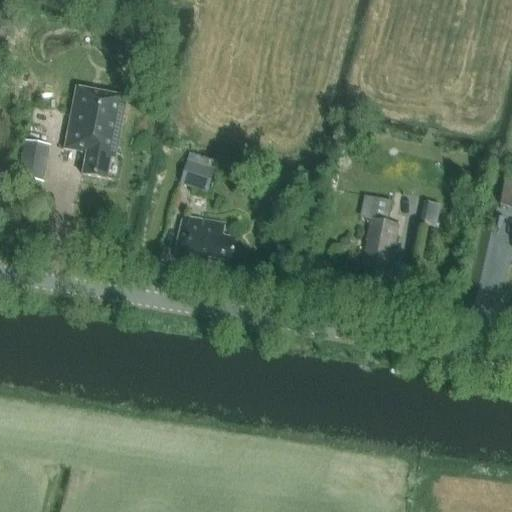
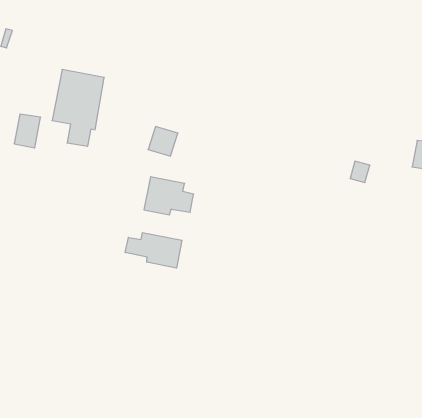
building: [360,193,400,280] -> none
building: none -> [125,233,182,268]

